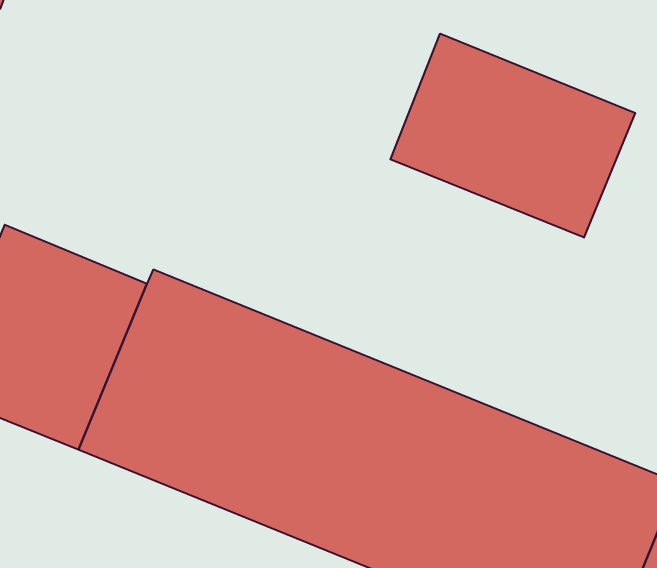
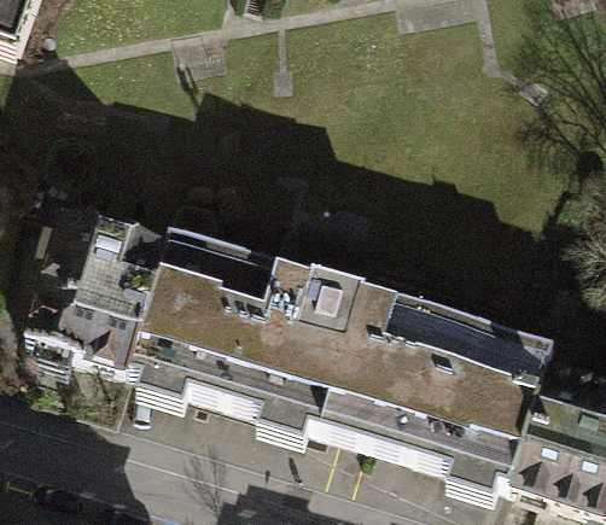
building: [390,34,635,238] -> none

